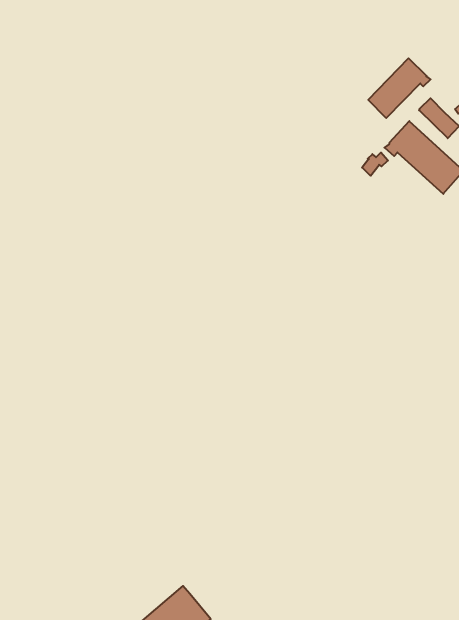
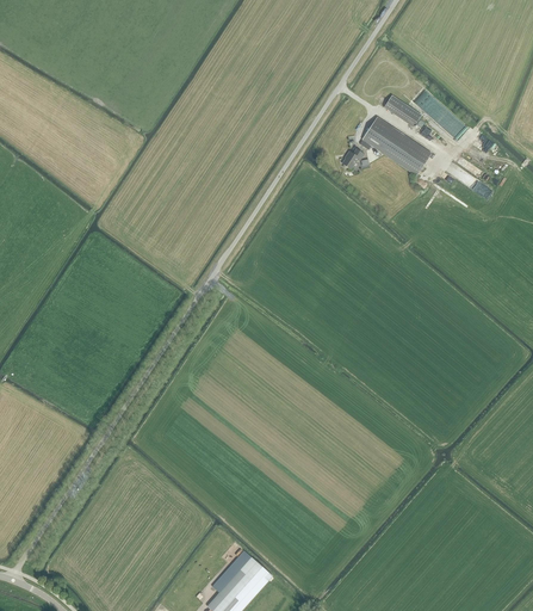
building: [368,58,431,118] -> none

